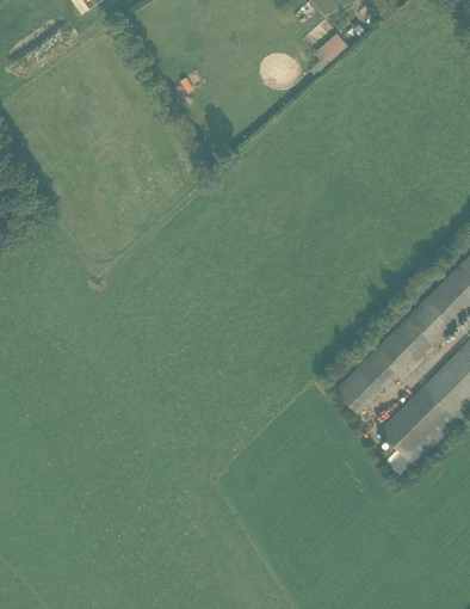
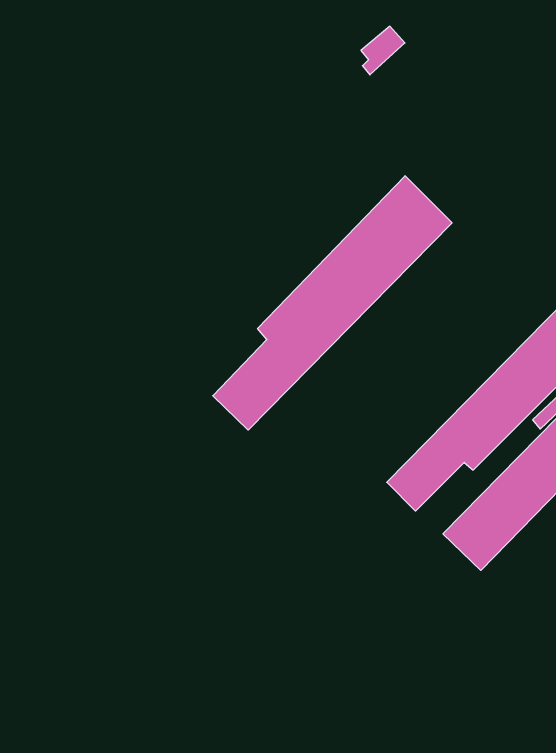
building: none -> [213,176,452,430]

